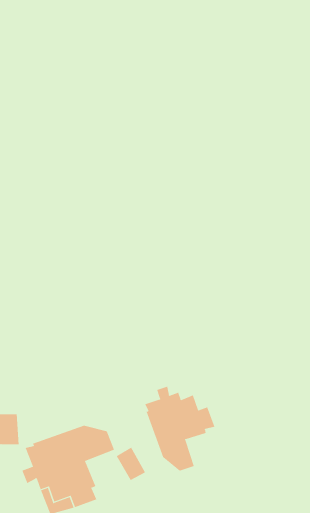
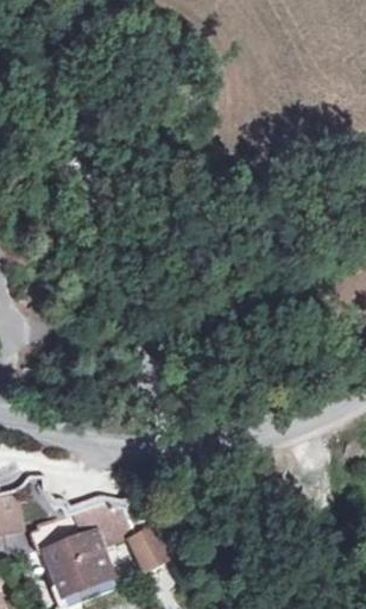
building: [144,386,215,471] -> none

